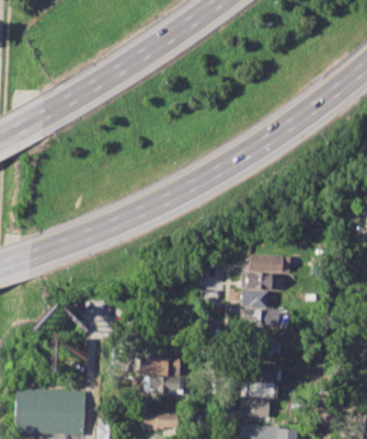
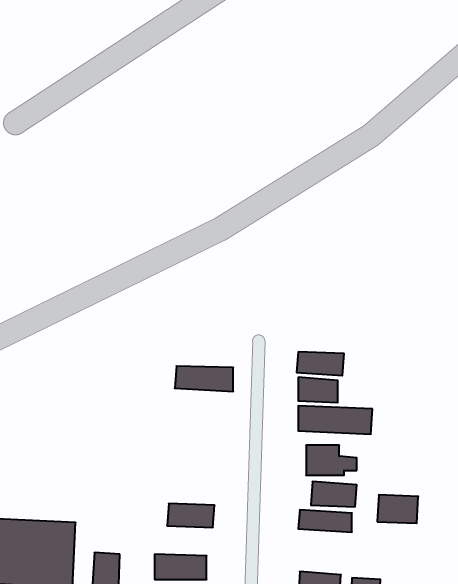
building: [245,253,289,272] -> none
building: [139,359,180,377] -> [175,366,233,391]
building: [240,398,268,418] -> [377,495,418,523]

